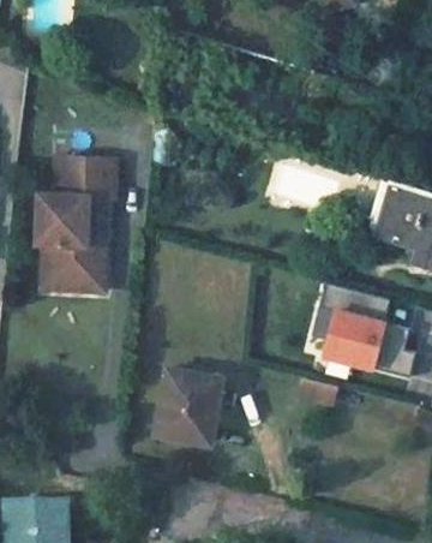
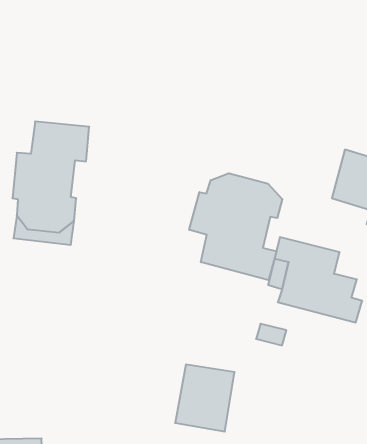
building: none -> [189,173,282,280]
building: [152,369,218,443] -> [175,365,235,432]

